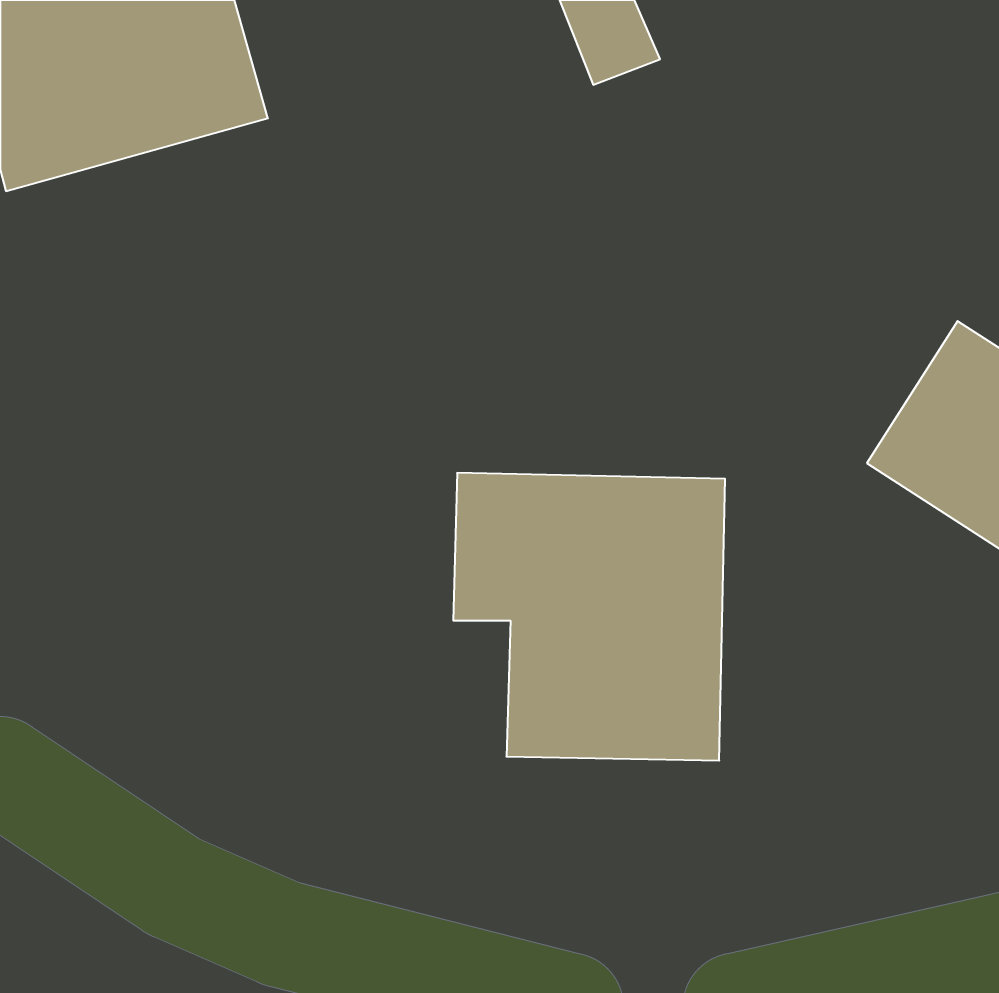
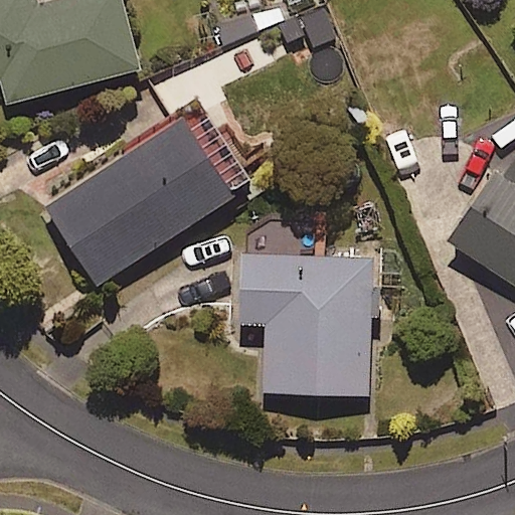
building: none -> [43,115,235,286]

